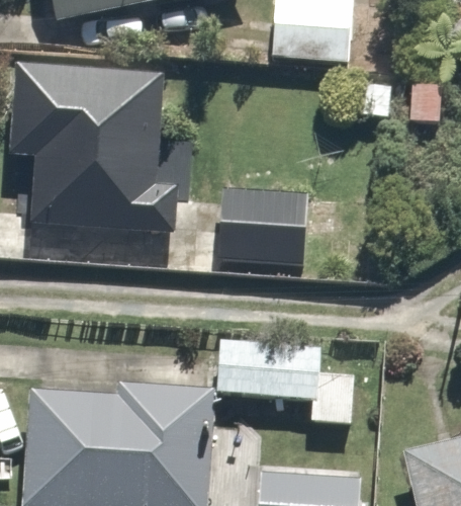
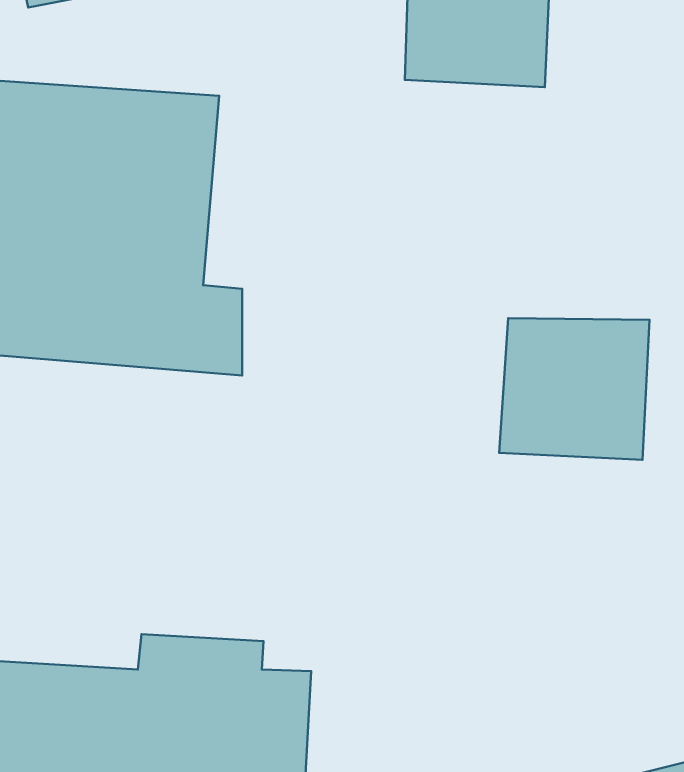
building: [222,186,308,267] -> [499,318,650,460]
building: [219,338,365,427] -> none

